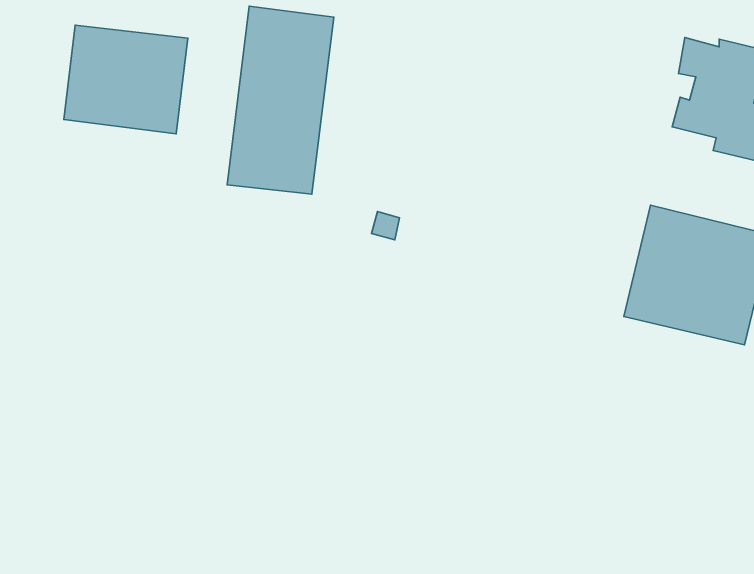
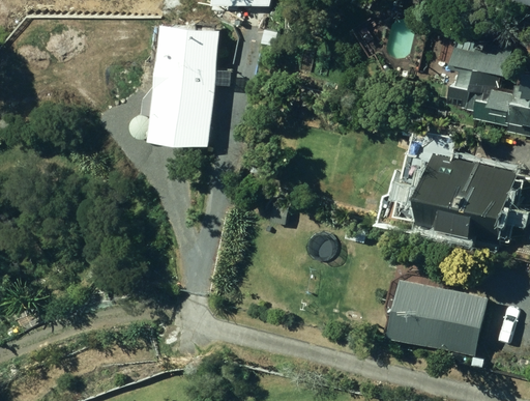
building: [64,25,188,134] -> none
building: none -> [389,277,487,355]

